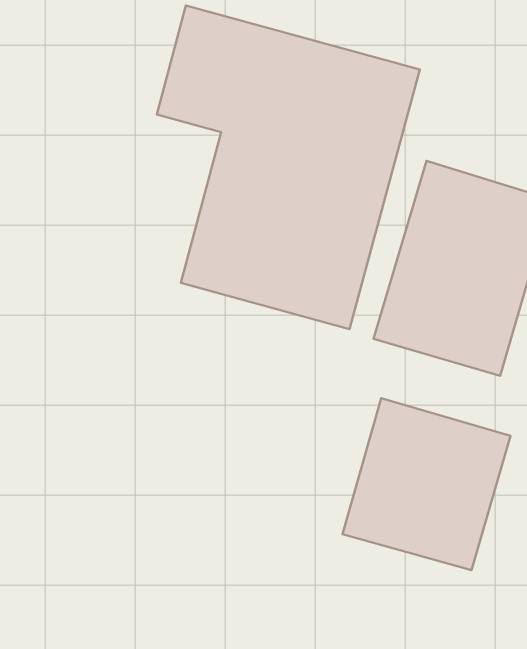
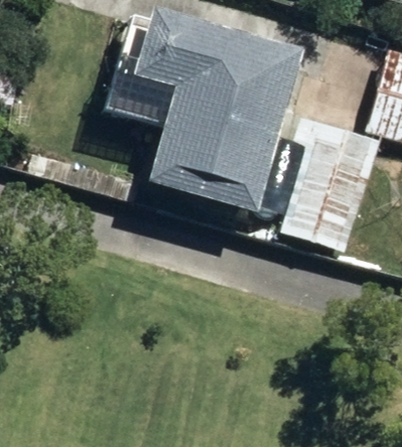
building: [343,398,511,570] -> none

